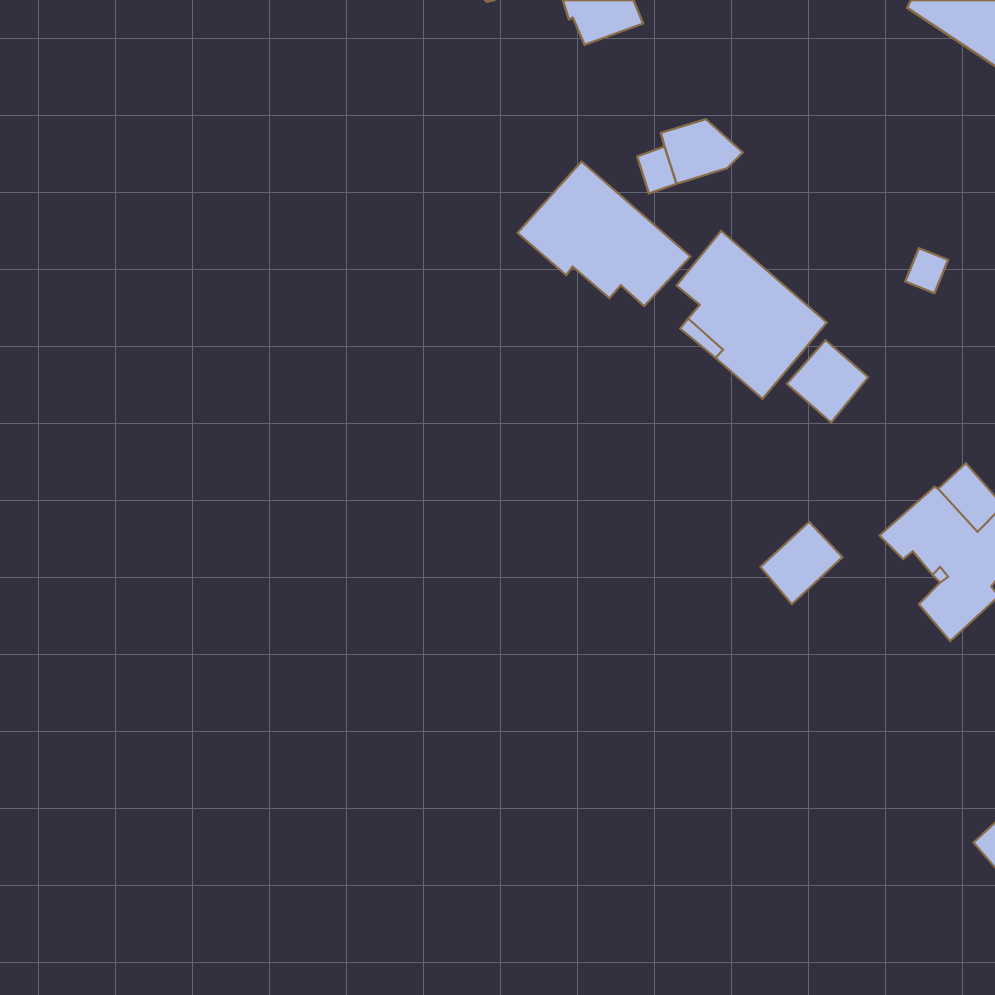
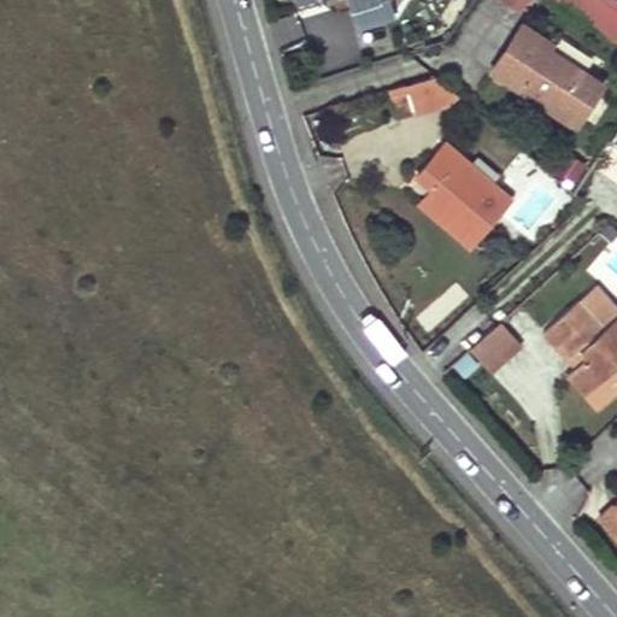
building: none -> [493,25,604,127]
building: [517,162,690,306] -> none
building: [787,340,868,422] -> none

